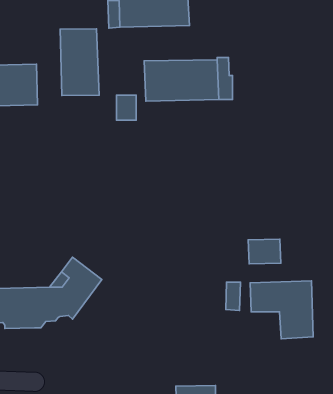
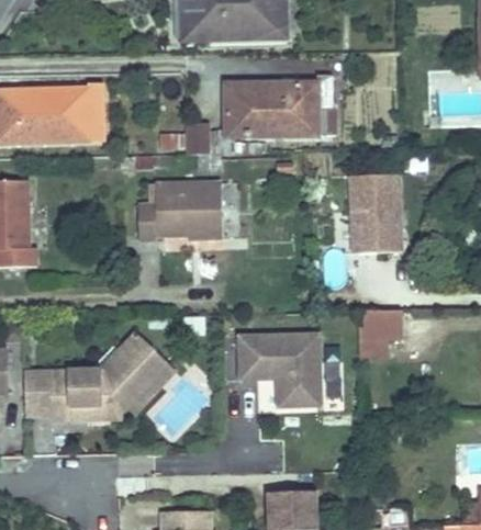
building: [60,29,99,96] -> none
building: none -> [353,174,402,252]
building: none -> [142,182,224,237]
building: [250,281,313,339] -> [238,335,318,408]

